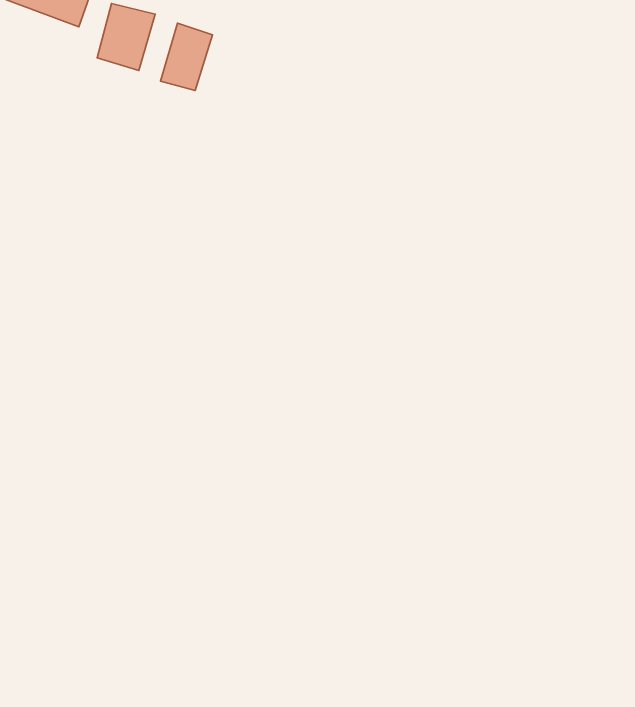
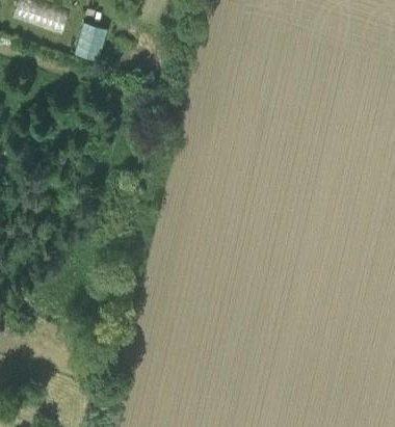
building: [161,23,212,91] -> none

